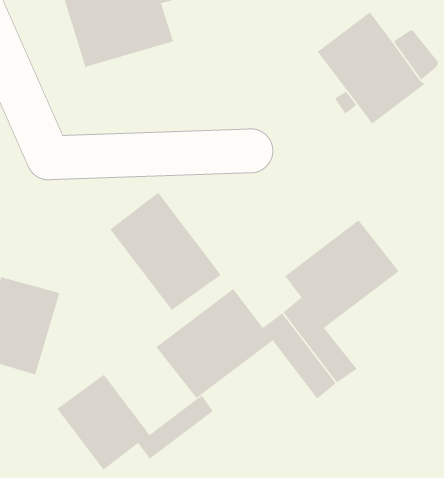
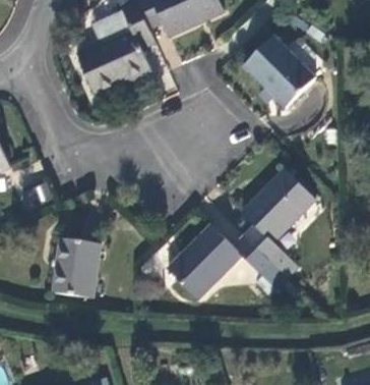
building: [110,192,221,311] -> none
building: [57,374,213,470] -> none

